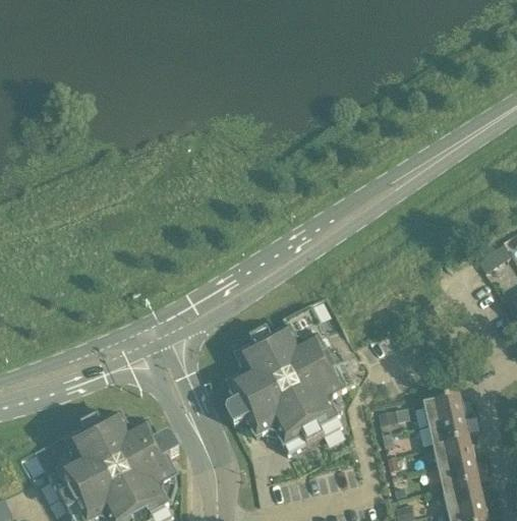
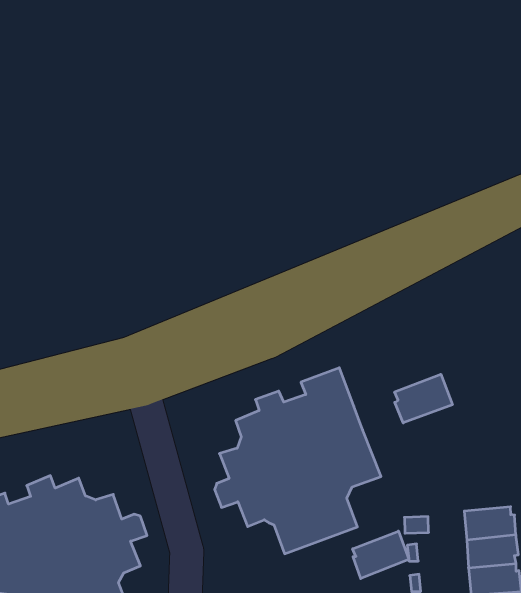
building: none -> [395,374,452,423]
building: none -> [353,531,409,579]

